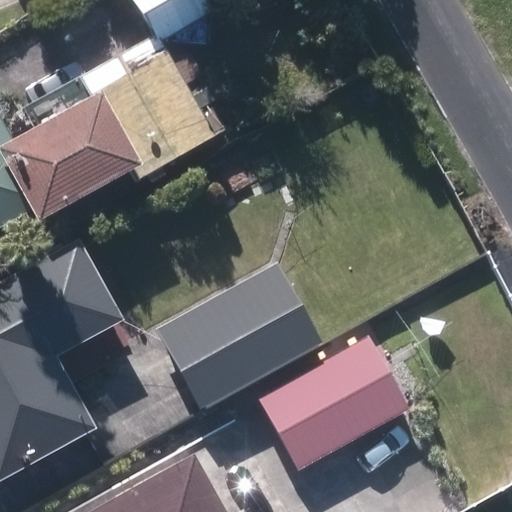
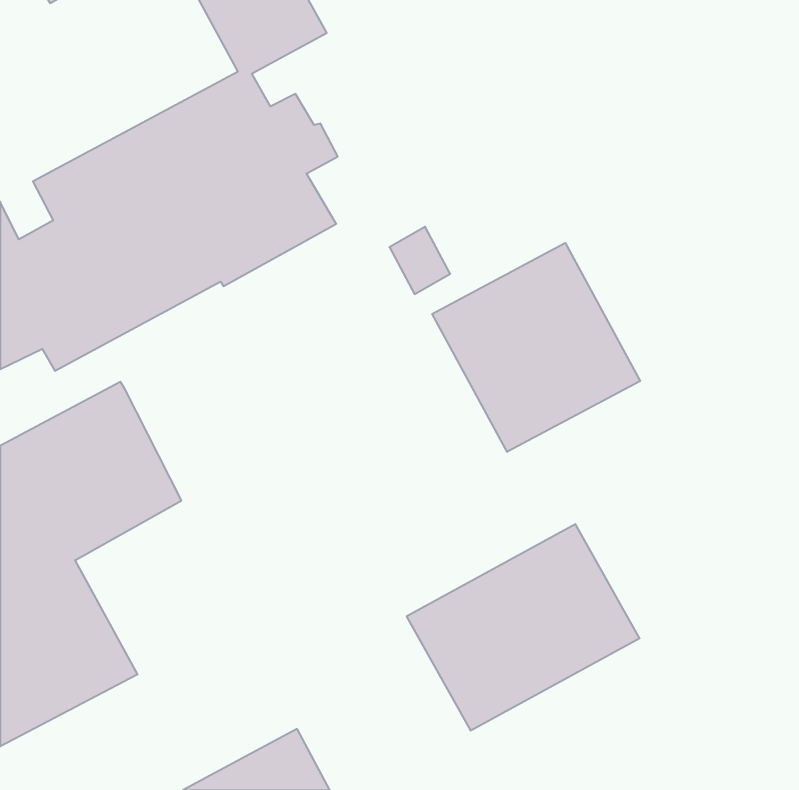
building: none -> [432,243,640,452]
building: [103,262,322,426] -> none

